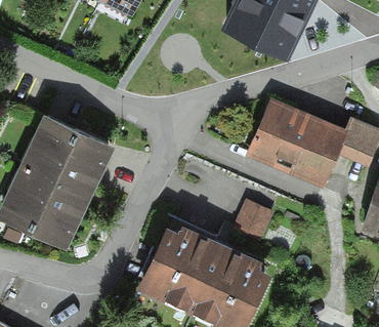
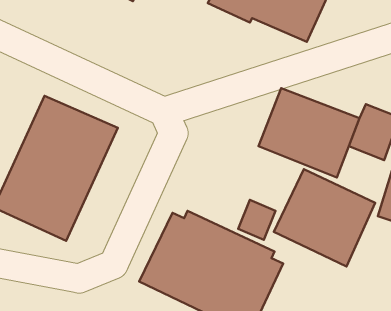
building: none -> [274,169,375,266]

